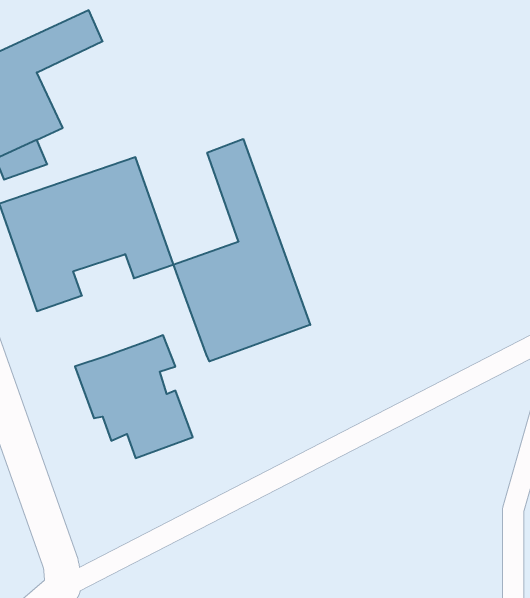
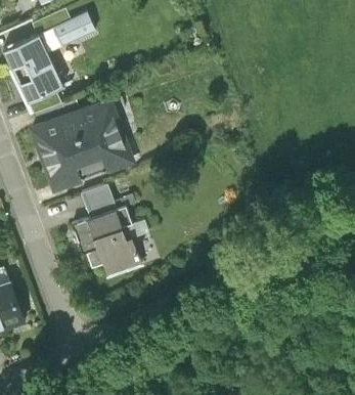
building: [174,139,310,361] -> none
building: none -> [82,183,117,218]

